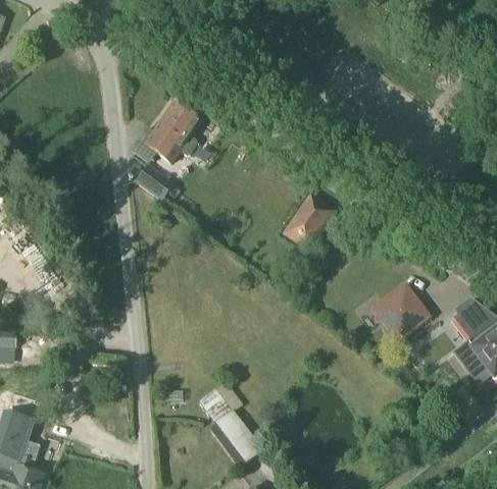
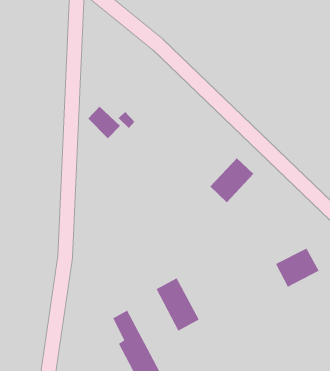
building: [138,101,200,162] -> none
building: none -> [156,277,200,331]

